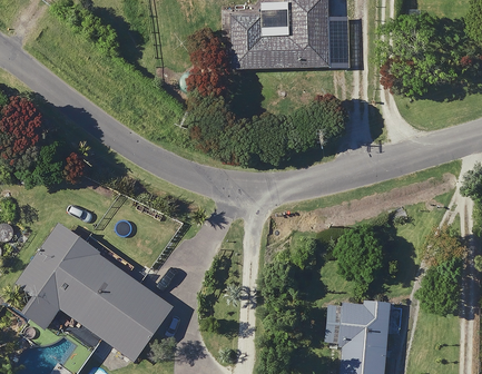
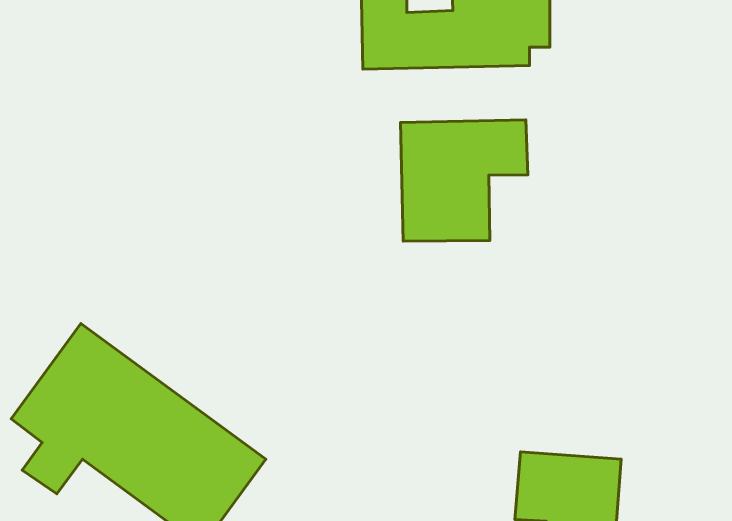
building: none -> [401,120,528,241]

